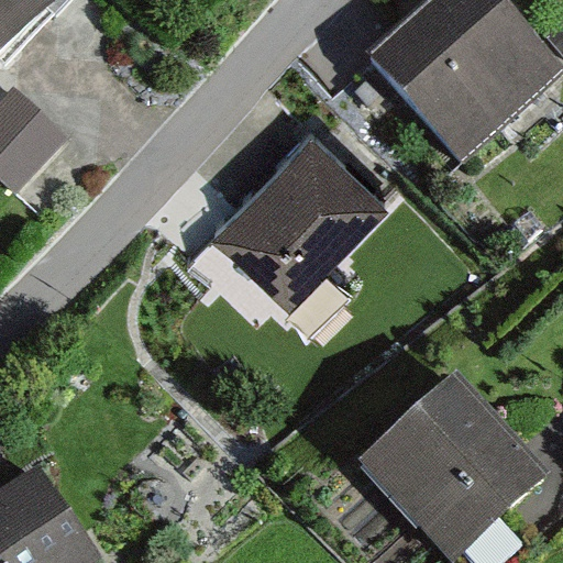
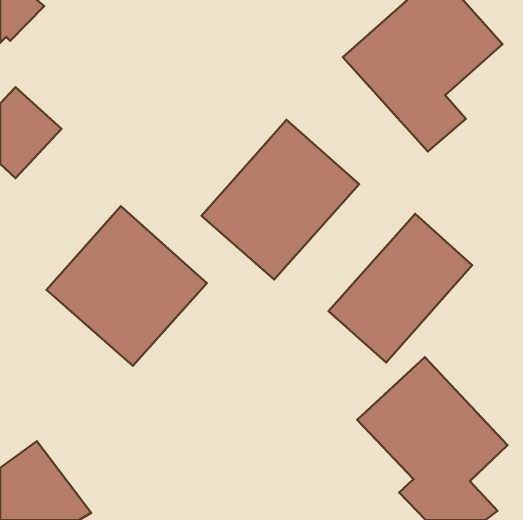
building: none -> [47,206,207,366]
building: none -> [328,214,472,362]

